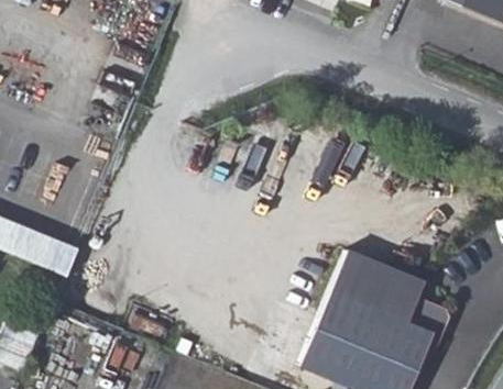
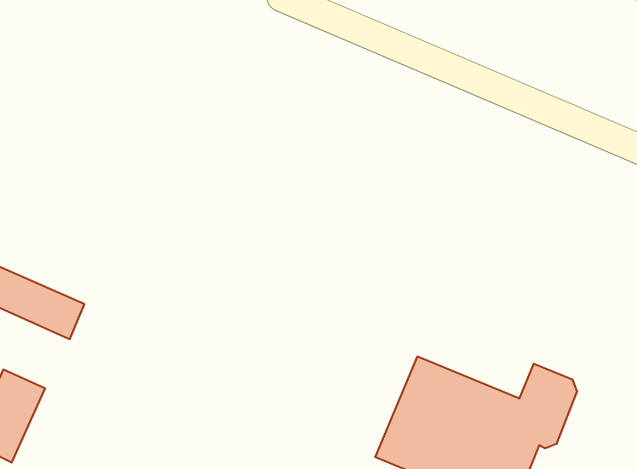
building: [330,247,425,321] -> none

